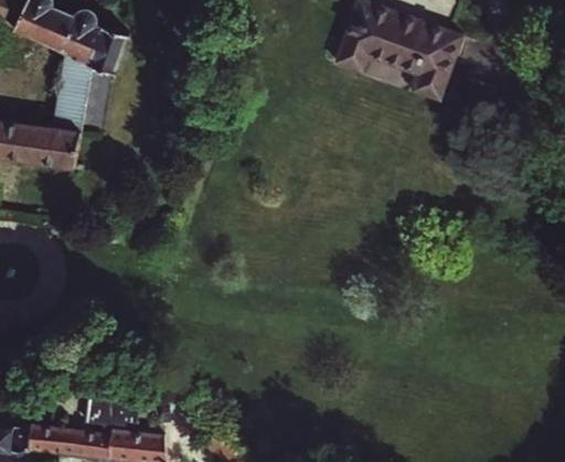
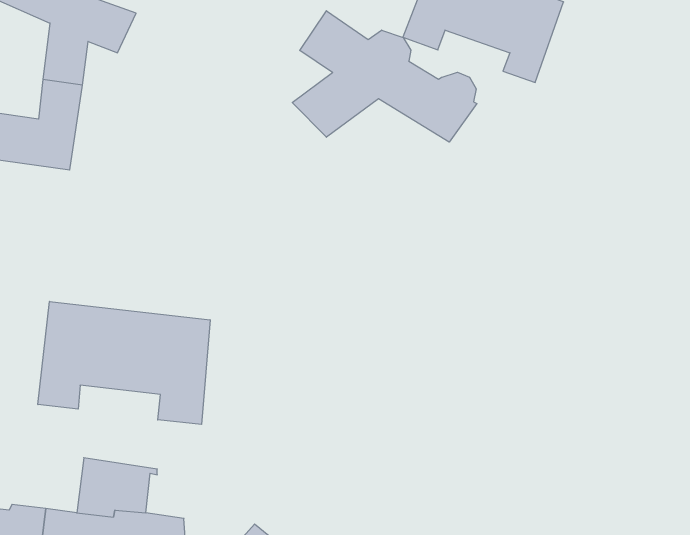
building: none -> [292,11,477,142]
building: none -> [38,301,210,424]

